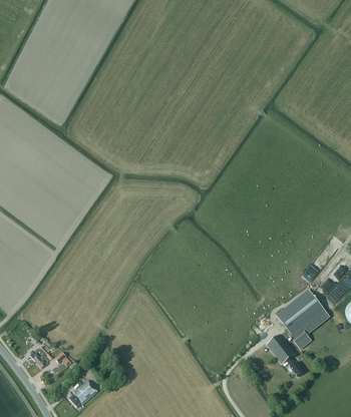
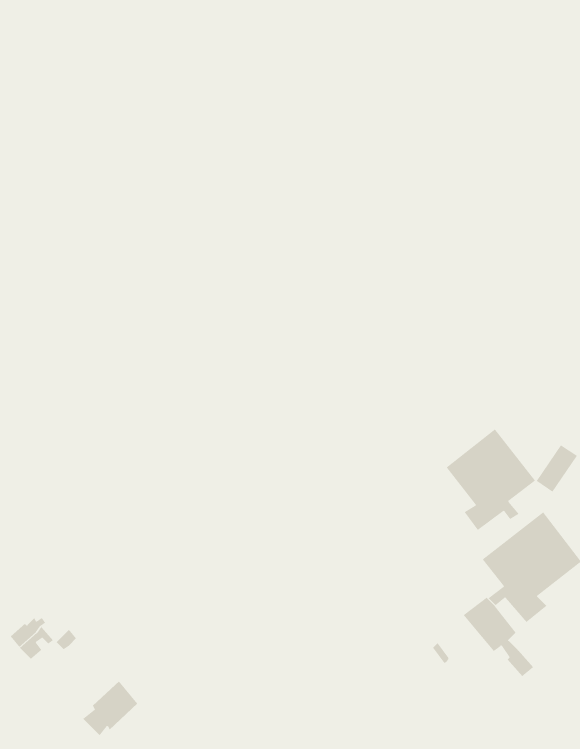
building: none -> [446,428,536,531]

